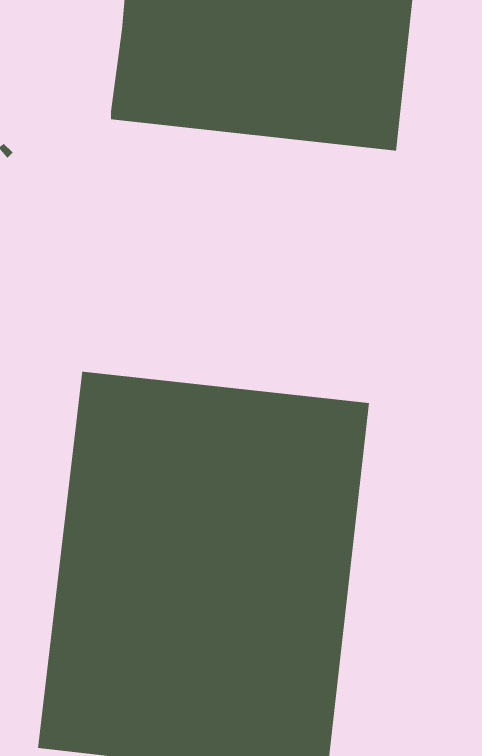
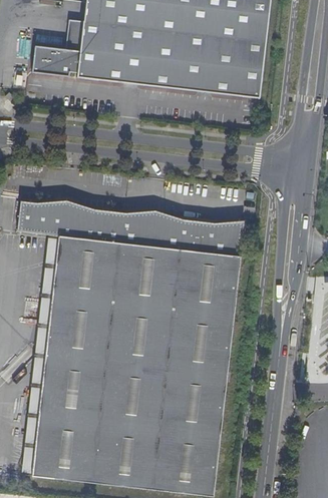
building: none -> [31,18,83,75]
building: none -> [19,201,245,256]

